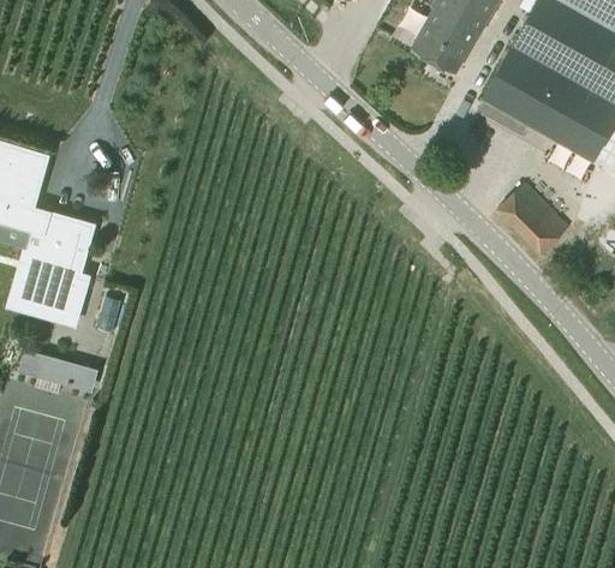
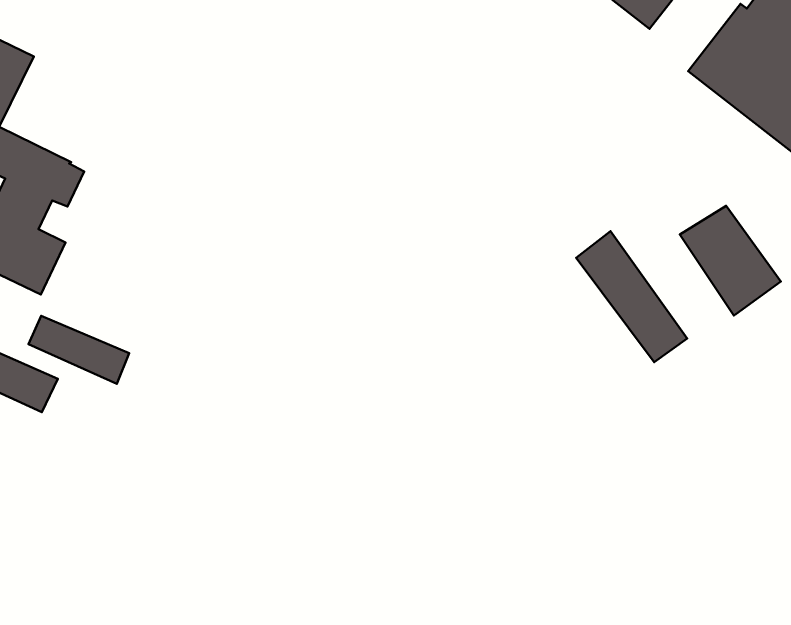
building: none -> [576,231,687,362]
building: none -> [28,316,129,384]

